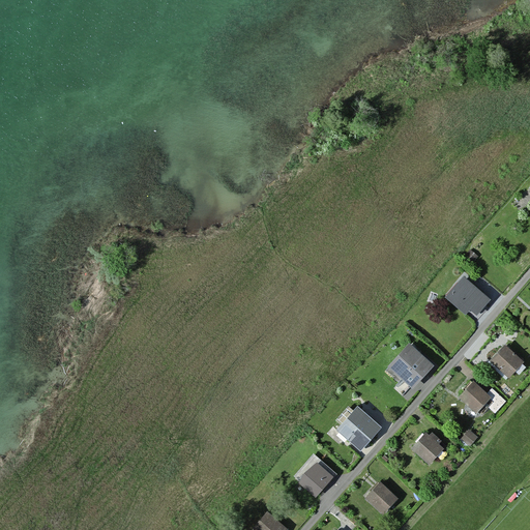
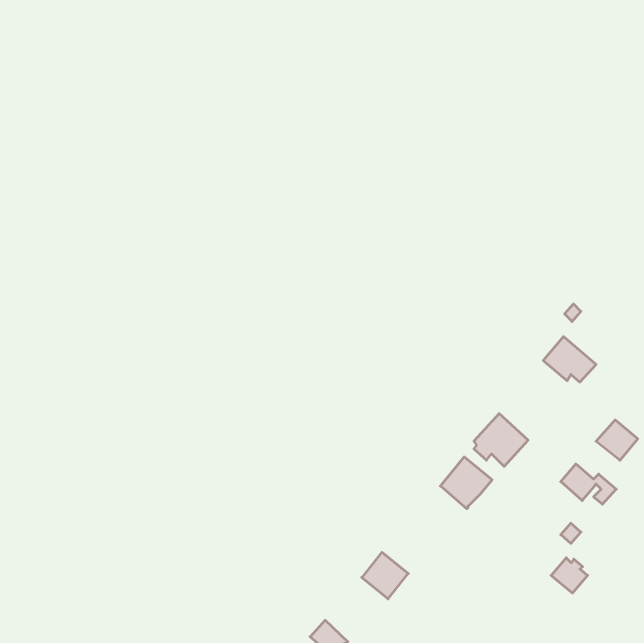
building: [337,407,380,449] -> [440,457,492,509]
building: [413,434,443,463] -> [551,558,588,593]
building: [366,483,398,513] -> none

